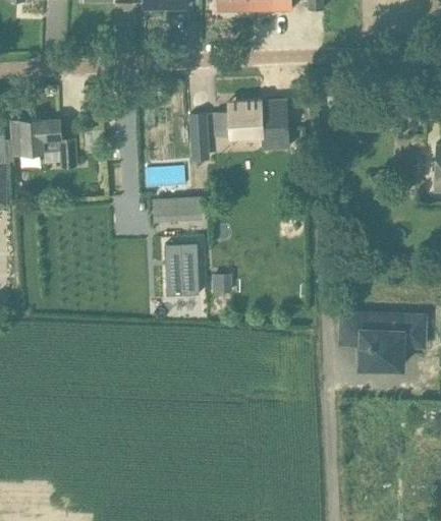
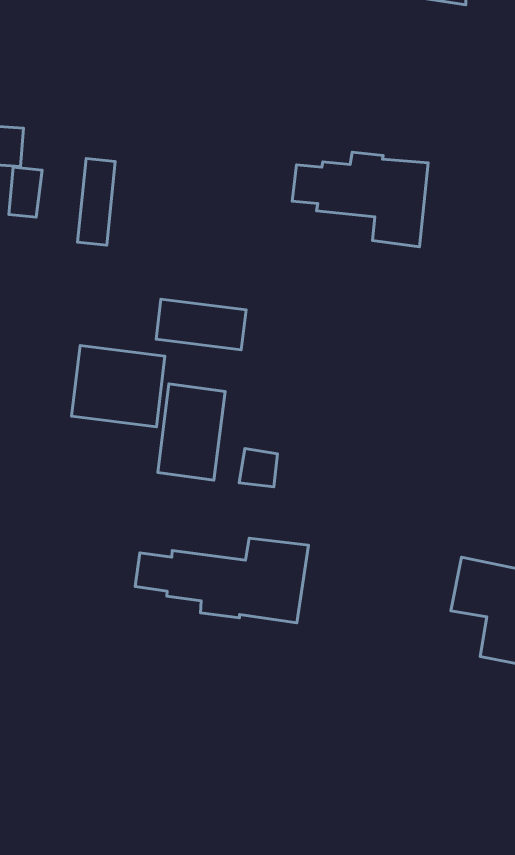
building: [188,113,208,161] -> [78,158,115,245]
building: none -> [72,345,165,427]
building: none -> [135,538,309,623]

